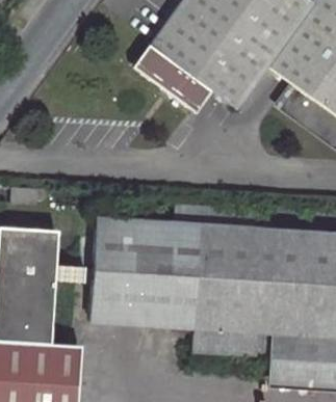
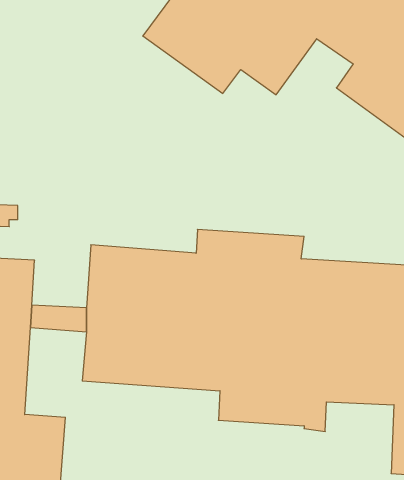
building: [270,334,324,387] -> none

